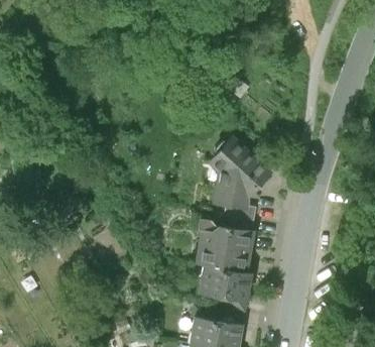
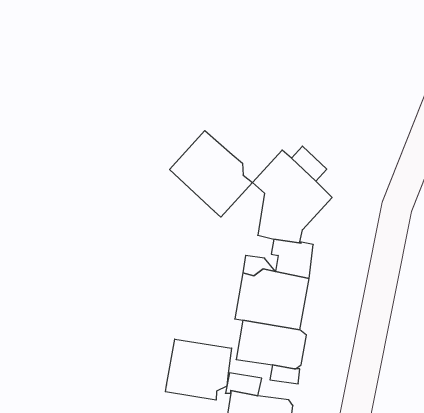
building: none -> [170,131,252,217]
building: none -> [165,339,232,400]

